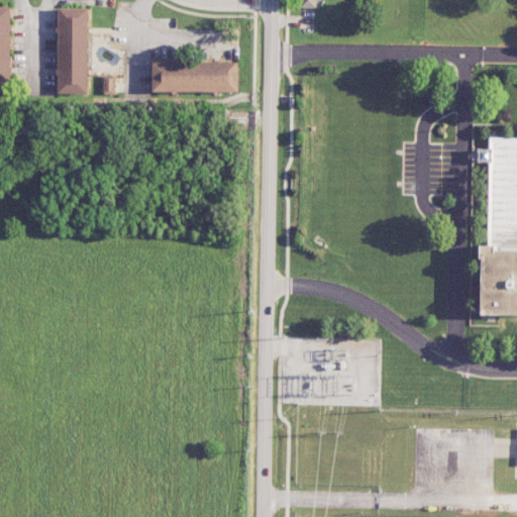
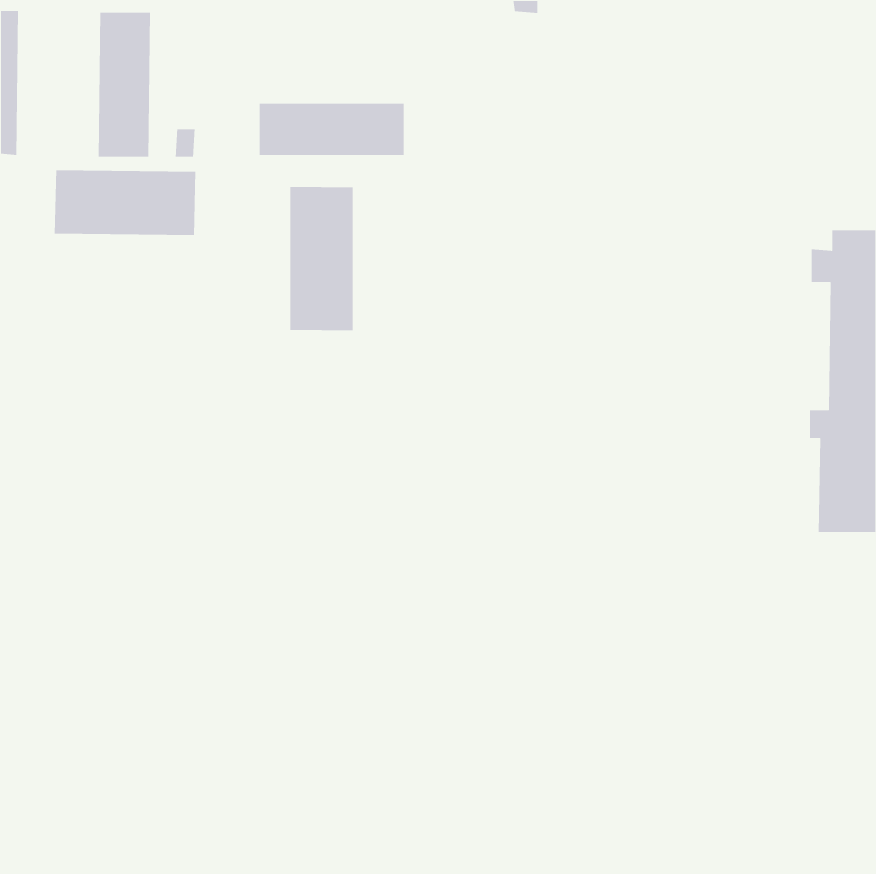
building: none -> [54,170,196,236]
building: none -> [289,186,353,331]

